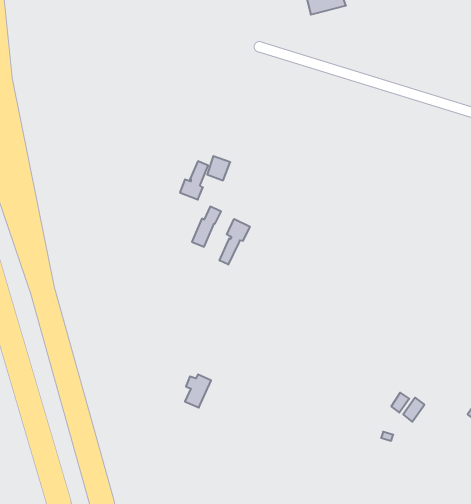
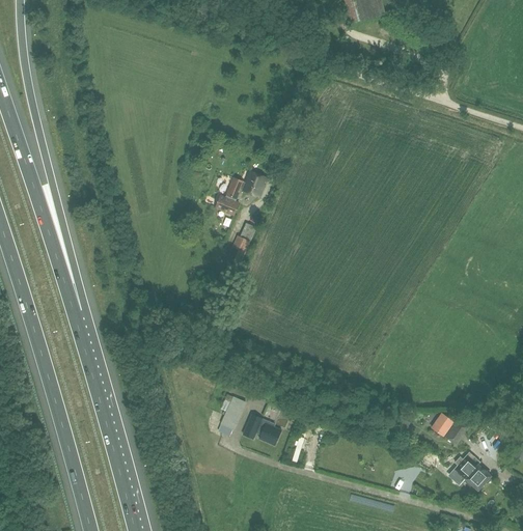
building: [220,219,250,265] -> none
building: none -> [242,413,281,444]
building: none -> [455,452,491,490]

